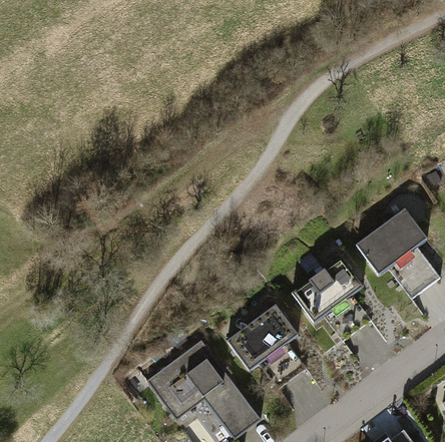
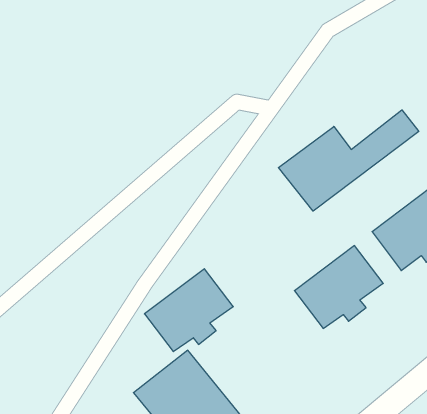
building: none -> [278,110,419,211]
building: [218,305,296,375] -> [144,269,233,352]

